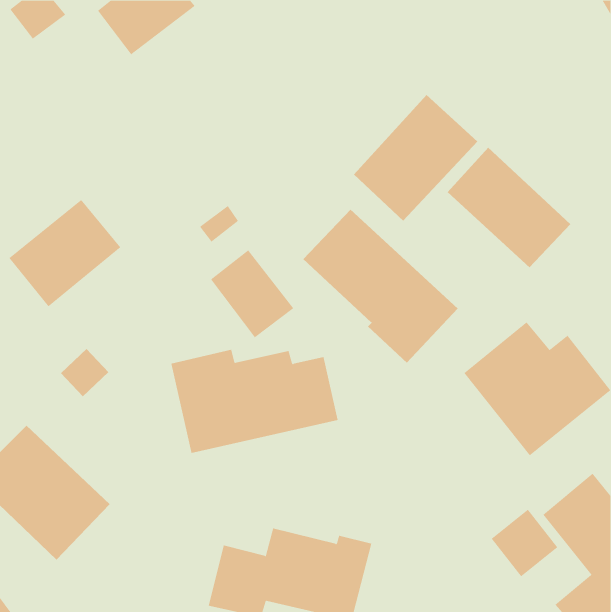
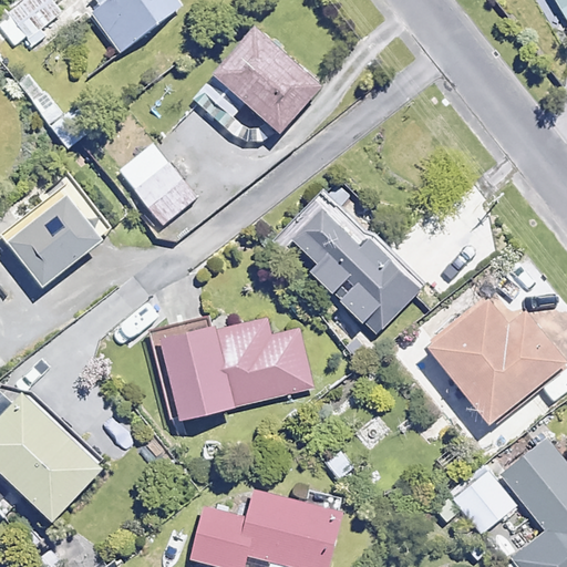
building: none -> [214,29,319,132]
building: [353,94,478,221] -> none
building: [447,147,571,268] -> none
building: [210,249,294,338] -> [118,144,196,226]

